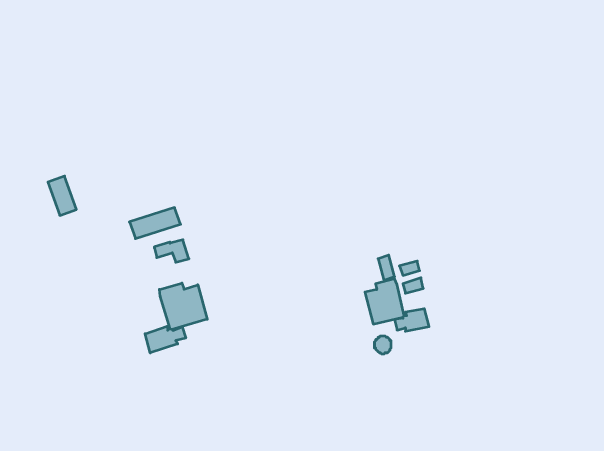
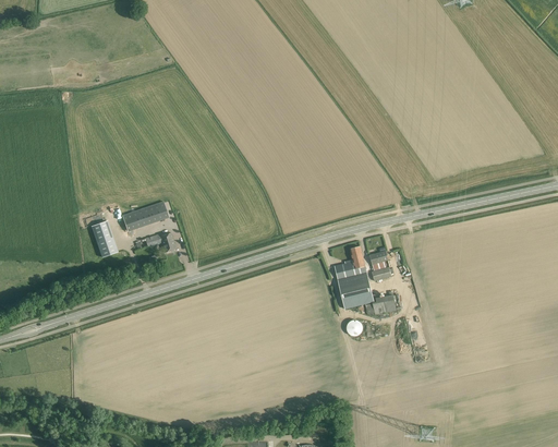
building: [48,176,76,215] -> [90,220,117,256]
building: [145,283,207,353] -> none

